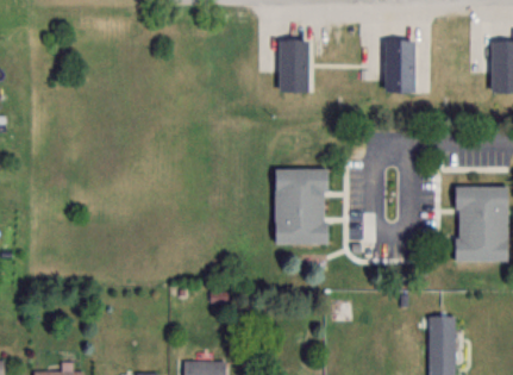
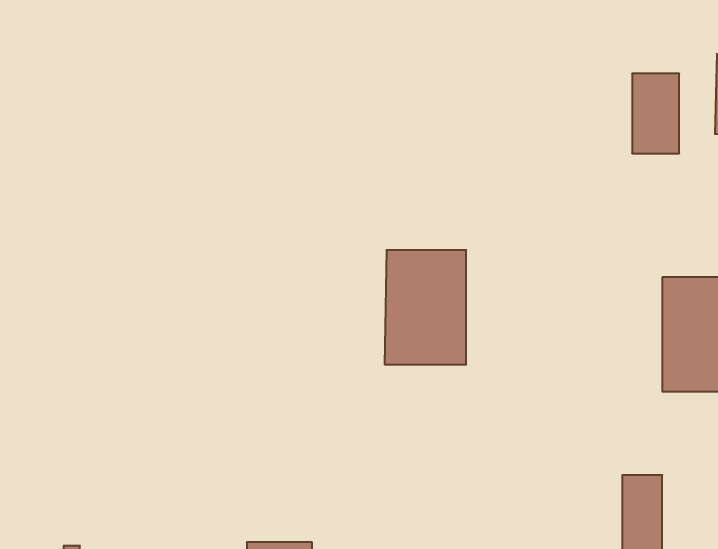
building: [279,39,308,92] -> none
building: [384,40,415,93] -> [632,74,679,153]

